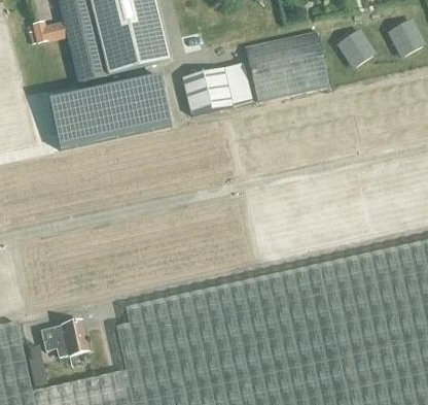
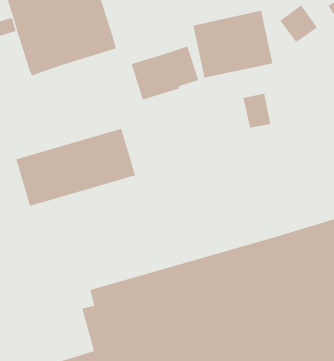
building: [60,72,182,146] -> [15,128,136,206]
building: none -> [243,93,271,129]
building: [40,323,87,359] -> none

